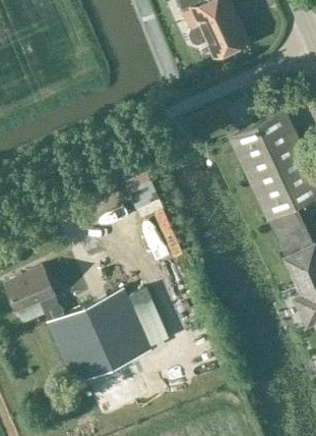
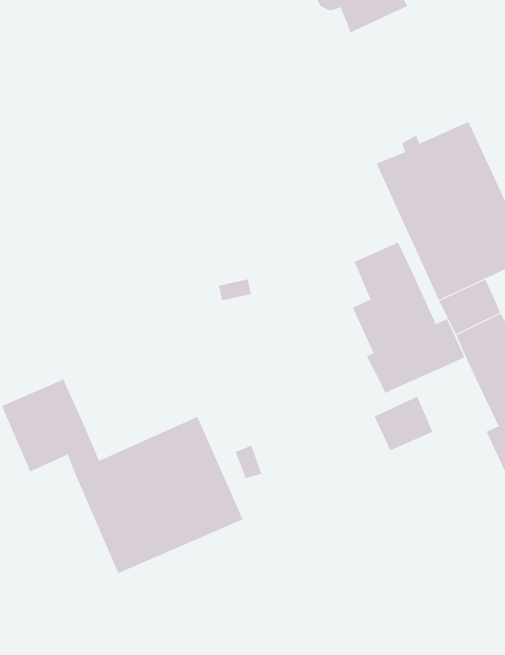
building: none -> [352,242,465,394]
building: none -> [374,396,433,451]

